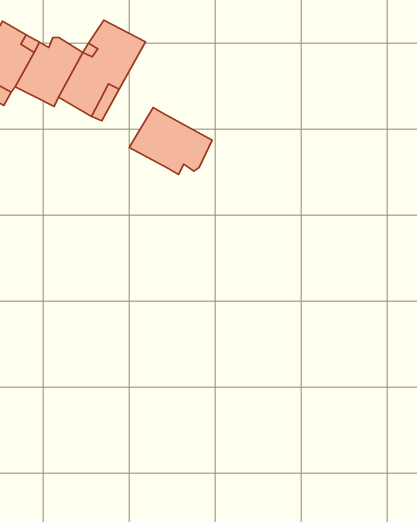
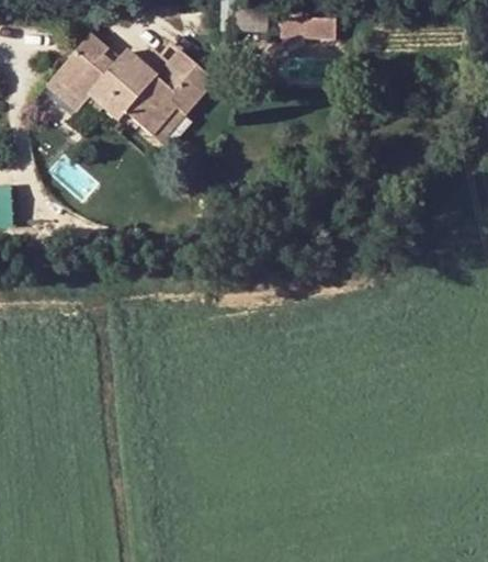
building: [129,107,212,174] -> none

